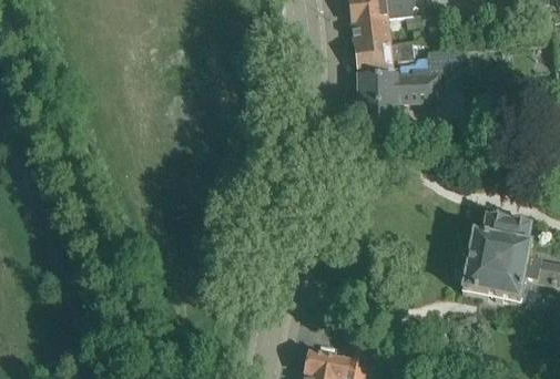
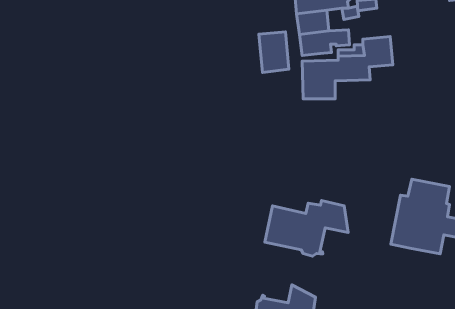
building: none -> [259,32,289,73]
building: none -> [265,200,348,256]

